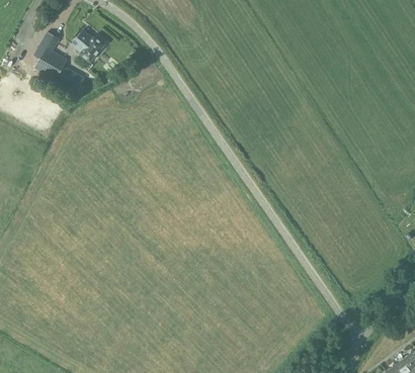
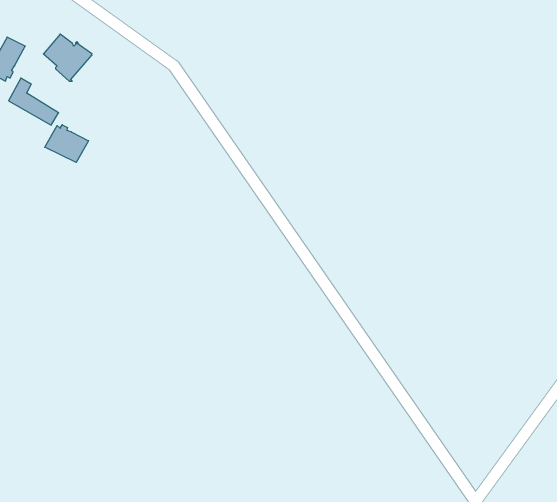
building: none -> [45,125,89,162]

